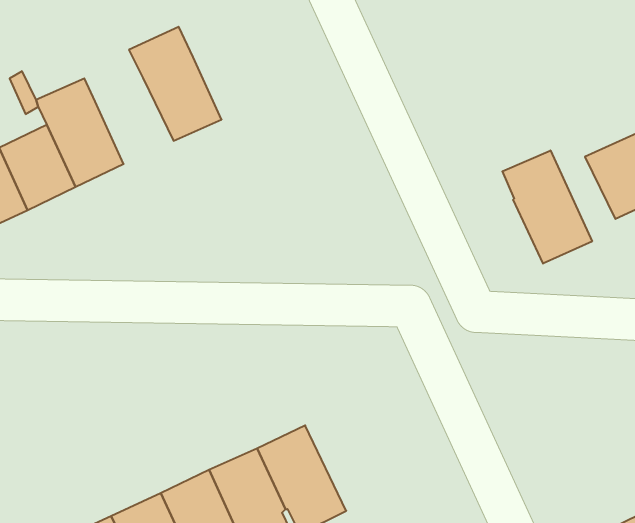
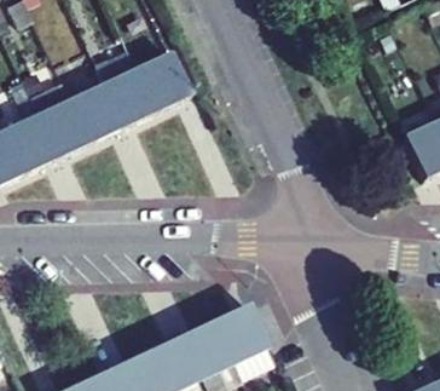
building: none -> [138,52,191,110]
building: none -> [71,82,125,140]
building: [502,150,592,264] -> none
building: none -> [214,303,274,376]

